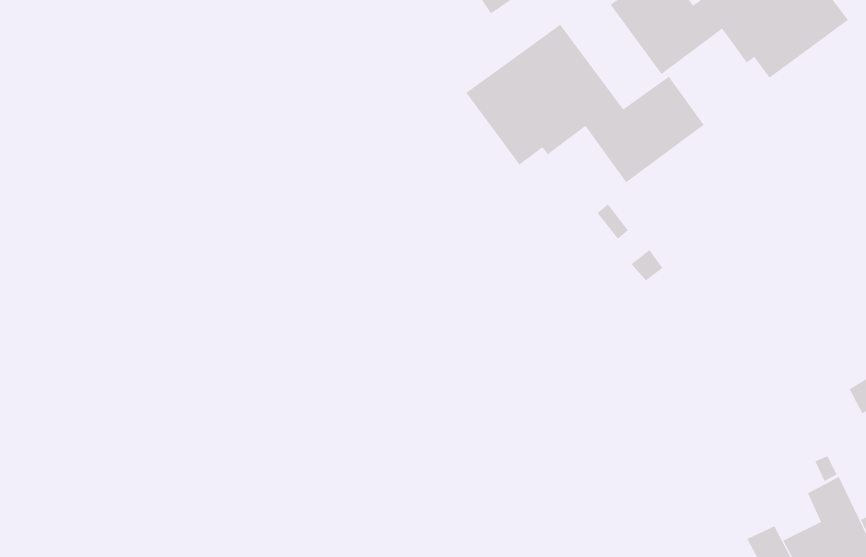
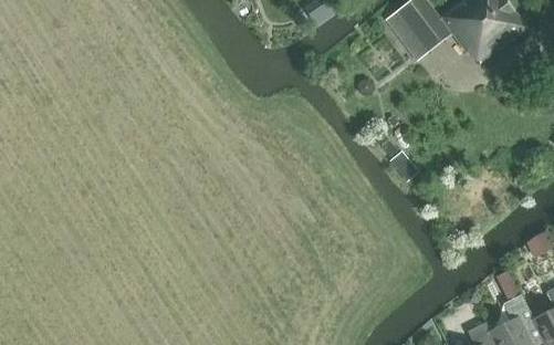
building: [466,24,704,183] -> none

